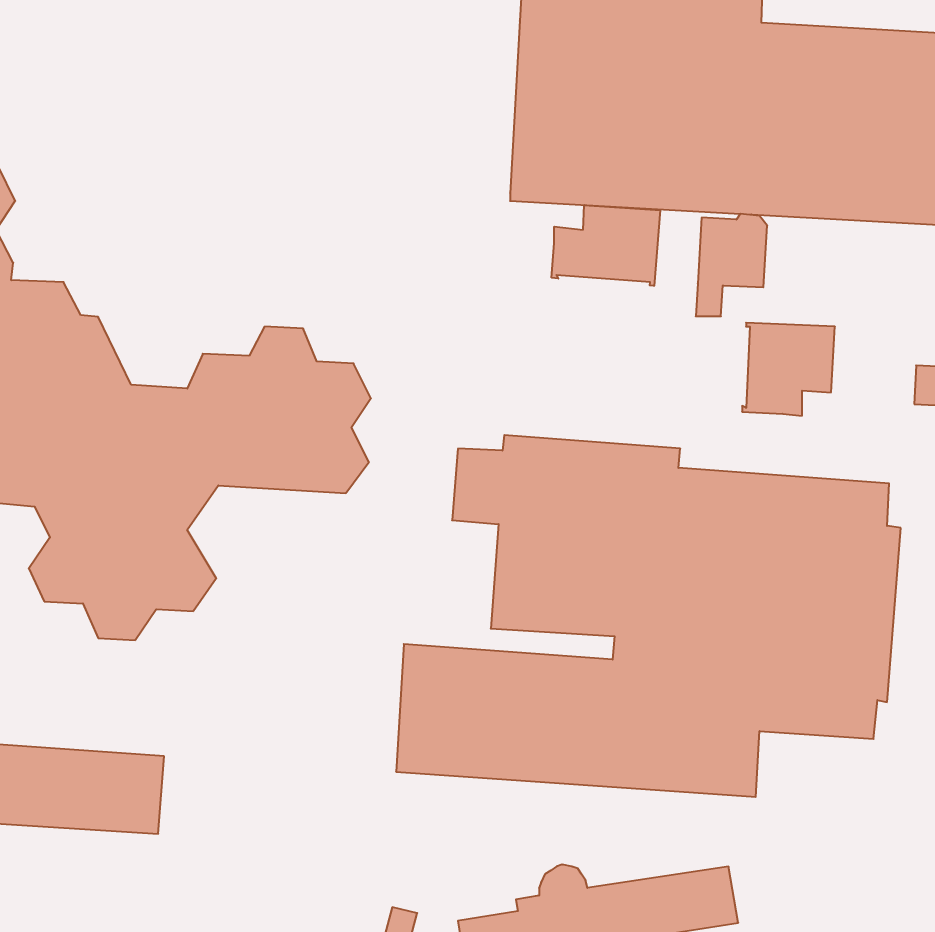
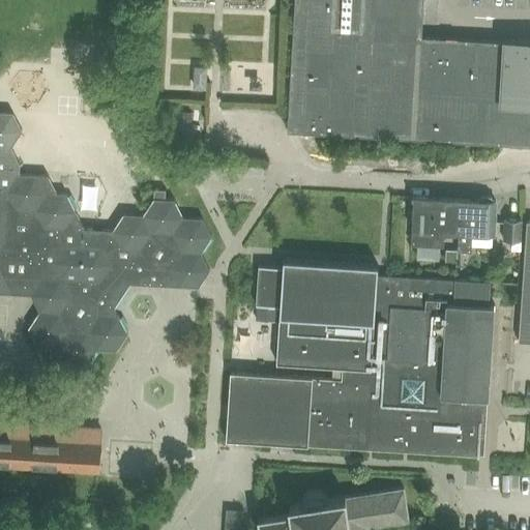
building: [552,205,660,286] -> none
building: [696,214,767,316] -> [458,200,496,255]
building: none -> [418,418,481,458]

